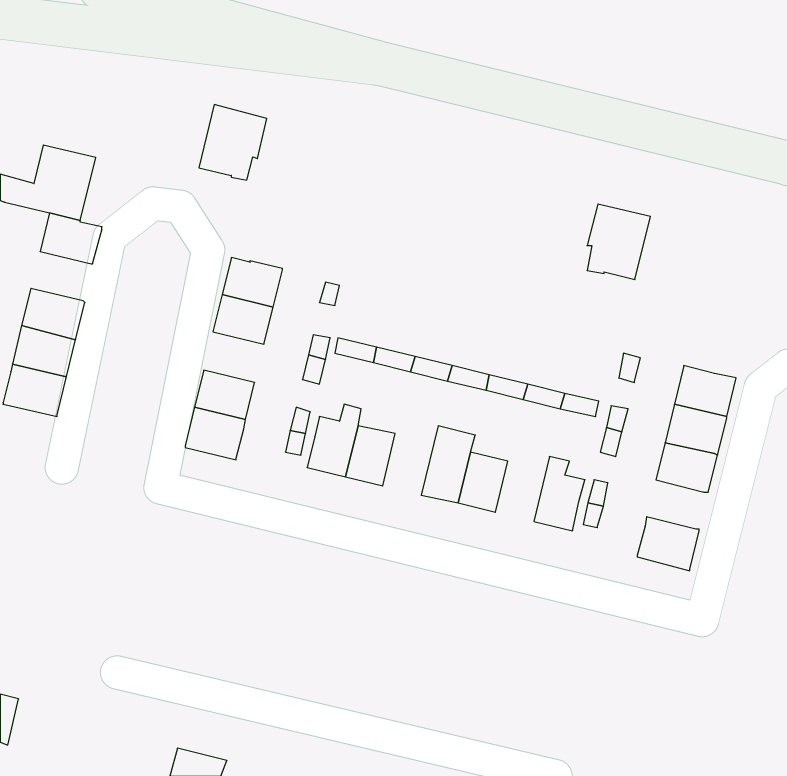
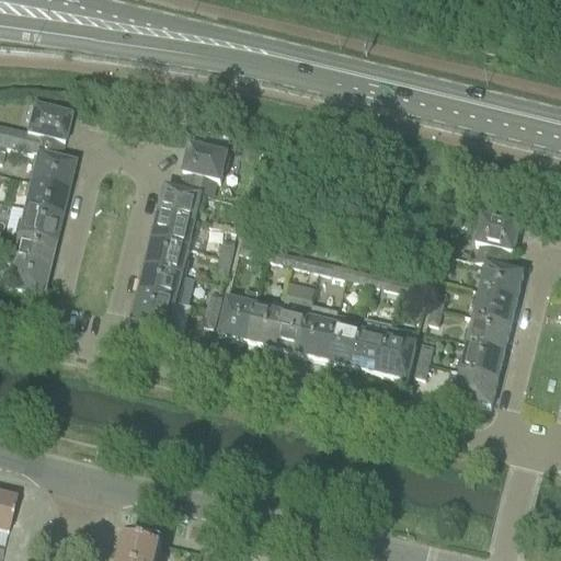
building: [199,105,267,180] -> [179,140,227,194]
building: [587,204,650,280] -> [474,211,519,265]
building: none -> [23,179,67,215]
building: none -> [146,236,188,272]
building: none -> [273,291,312,352]
building: none -> [353,316,391,370]
building: none -> [460,341,504,377]

